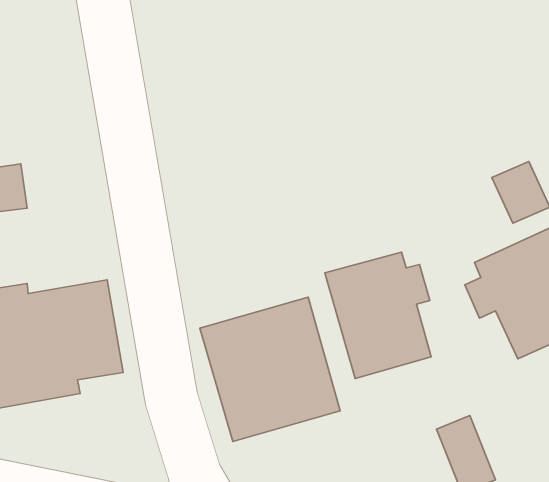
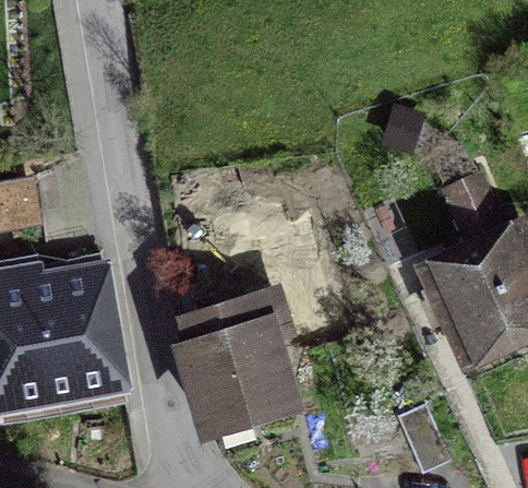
building: [325,252,431,379] -> none

